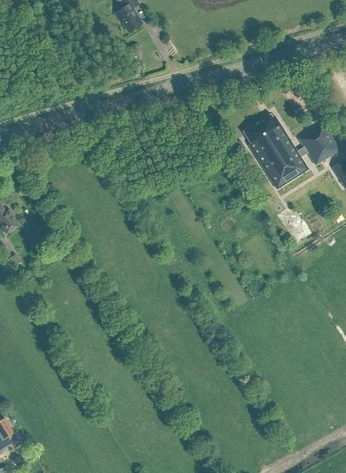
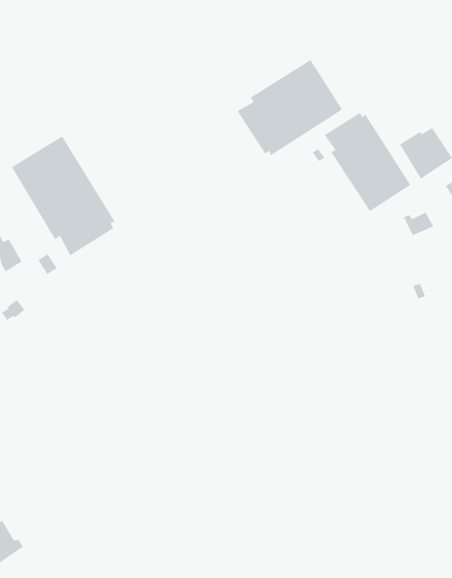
building: none -> [237,59,343,156]
building: none -> [11,135,116,256]

